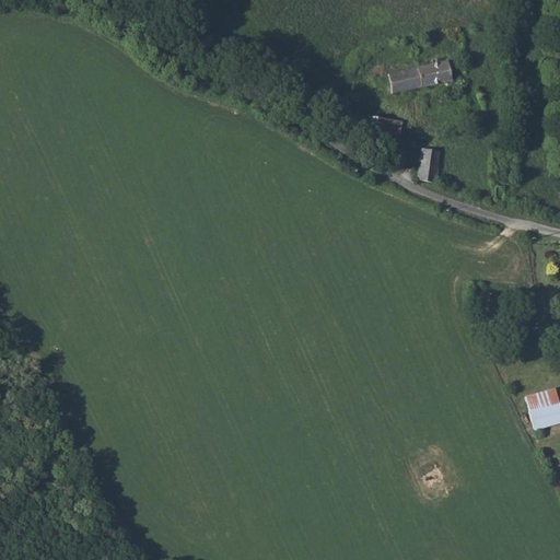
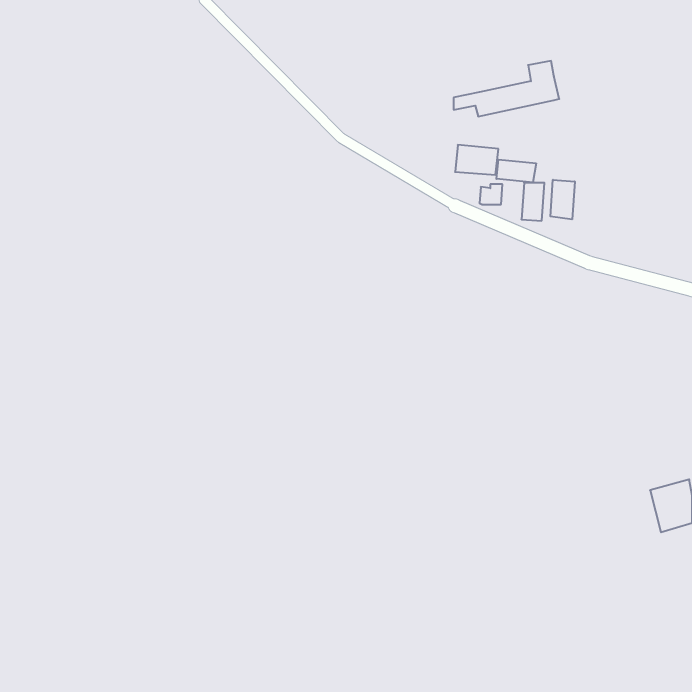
building: none -> [496,160,536,182]
building: none -> [550,180,575,219]

